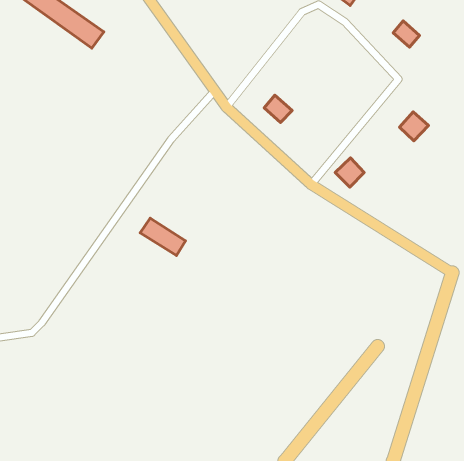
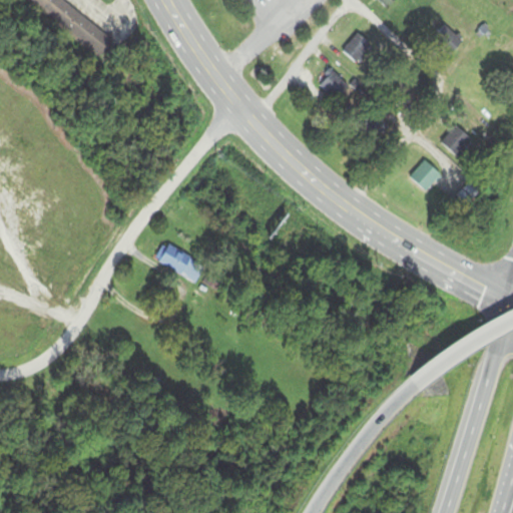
building: none -> [341,32,372,63]
building: [264,95,292,122] -> [318,68,349,98]
building: [335,158,364,187] -> [408,158,440,190]

